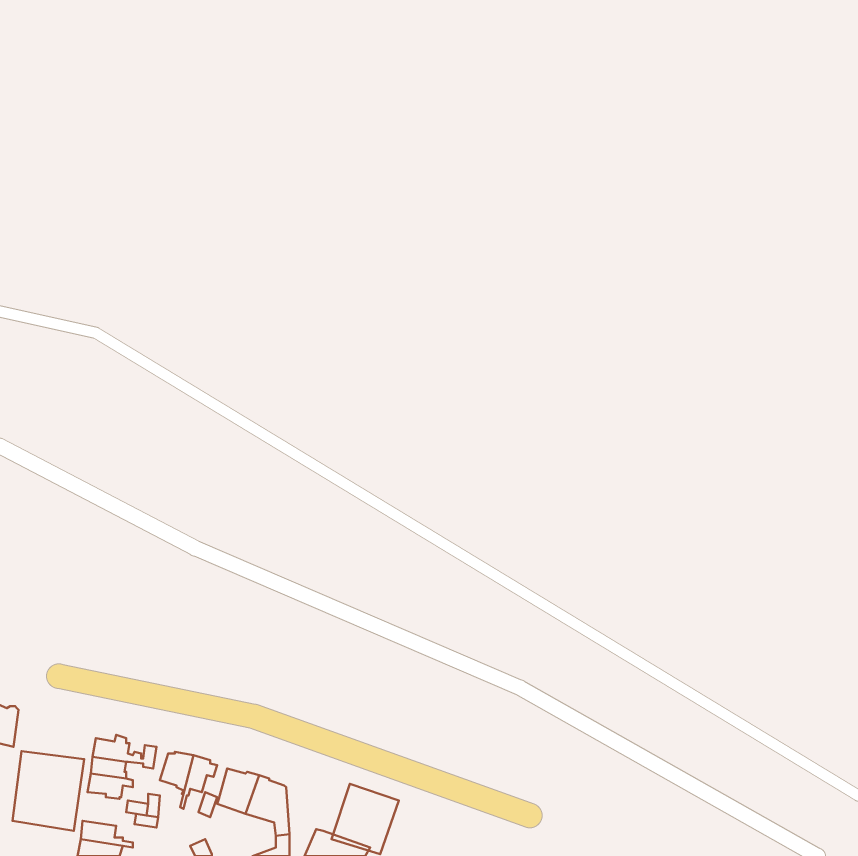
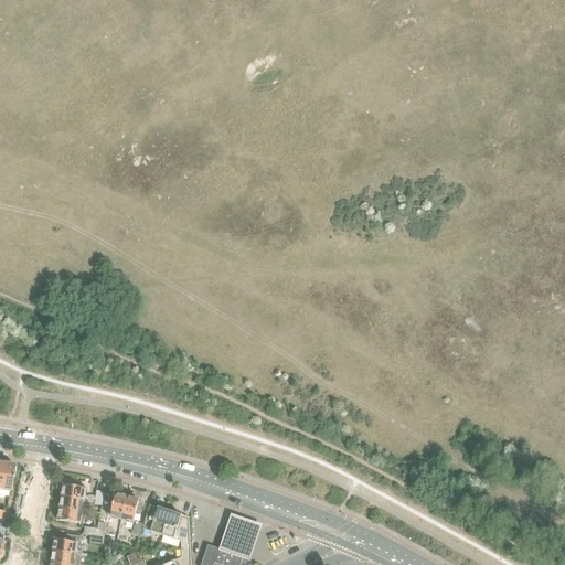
building: [12,751,84,831] -> none

